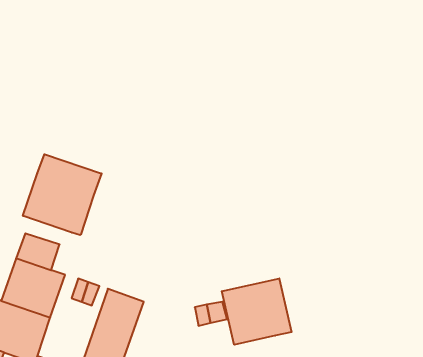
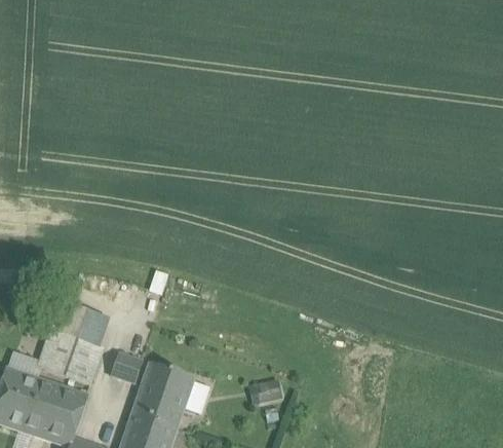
building: [23,154,102,235] -> none
building: [222,278,292,345] -> none

